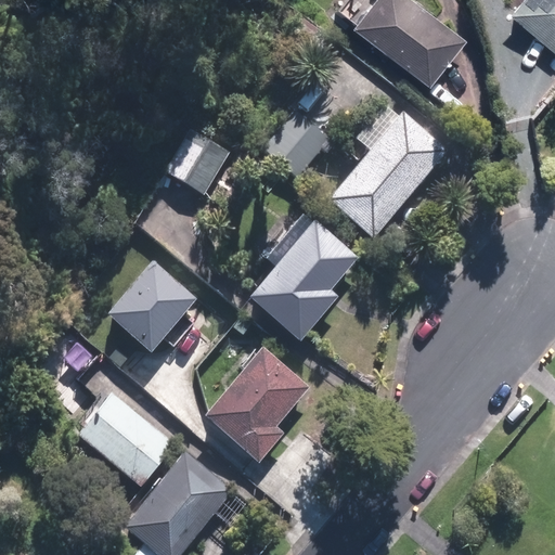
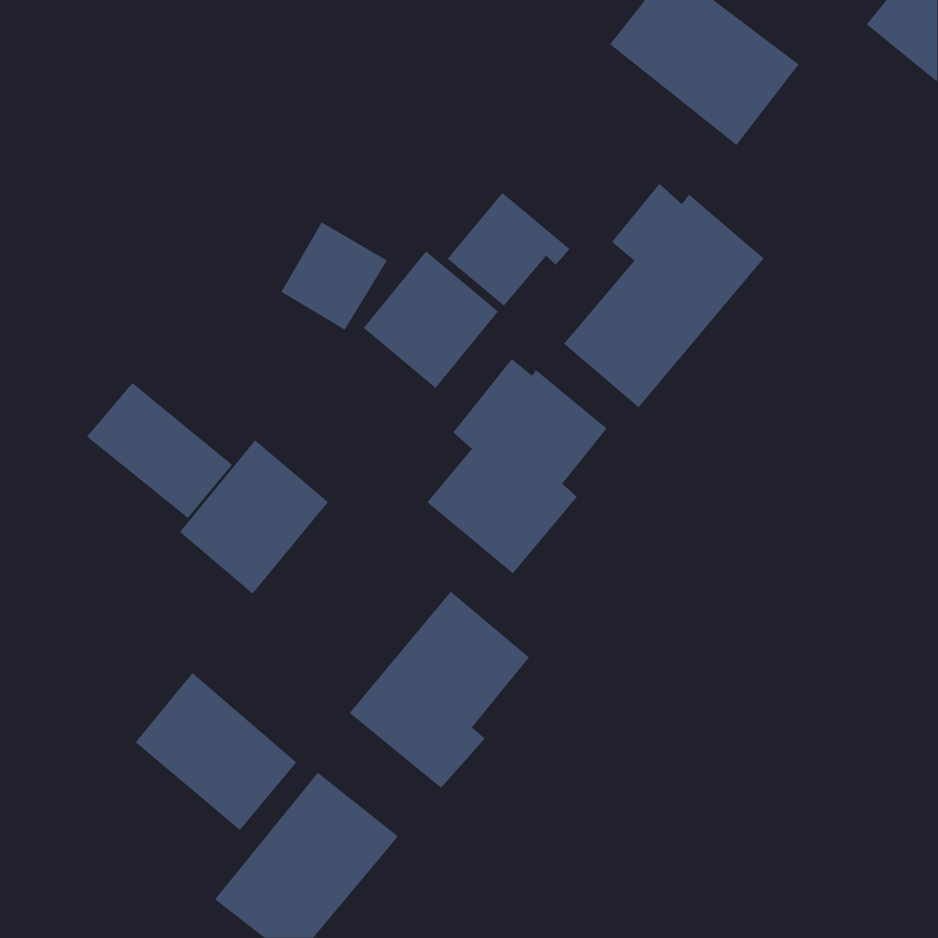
building: none -> [363,250,499,389]
building: none -> [86,382,233,519]

